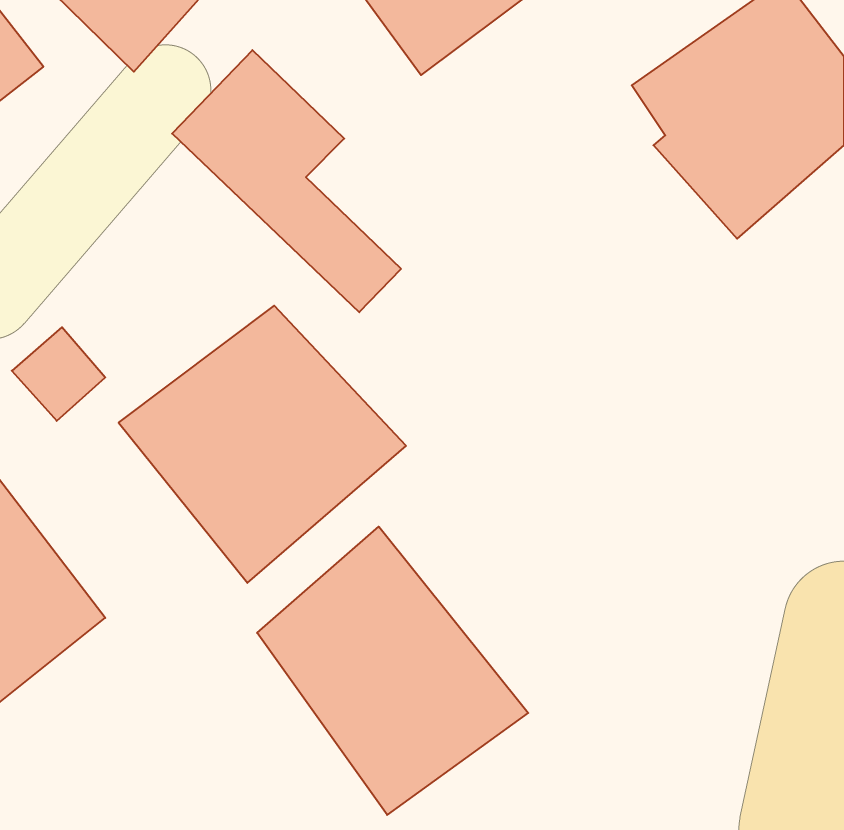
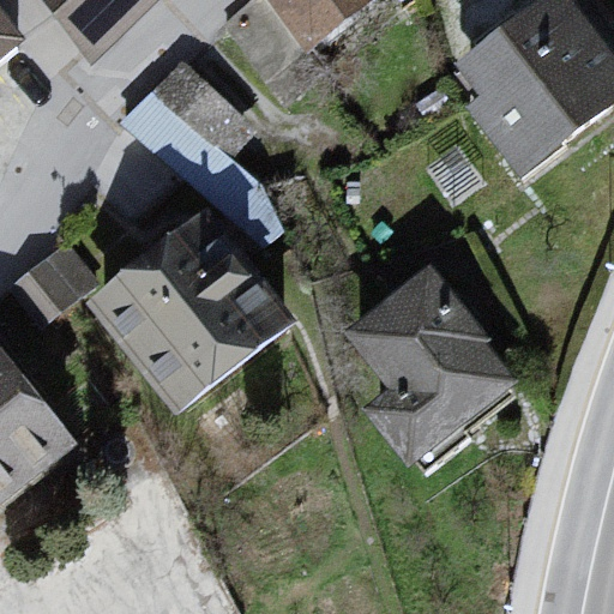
building: none -> [342,266,517,464]
building: [257,527,528,815] -> none

